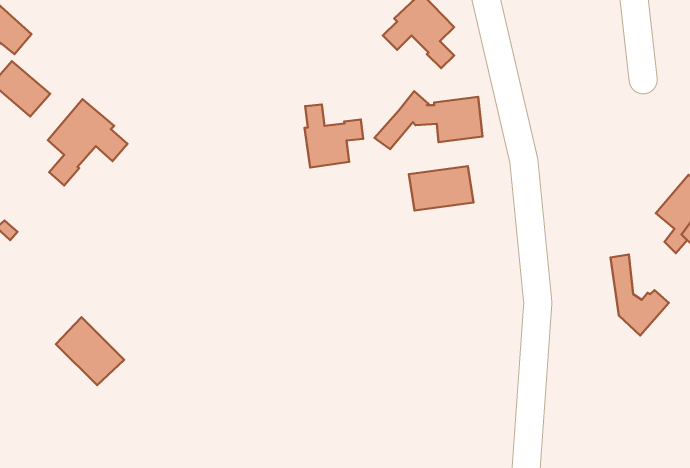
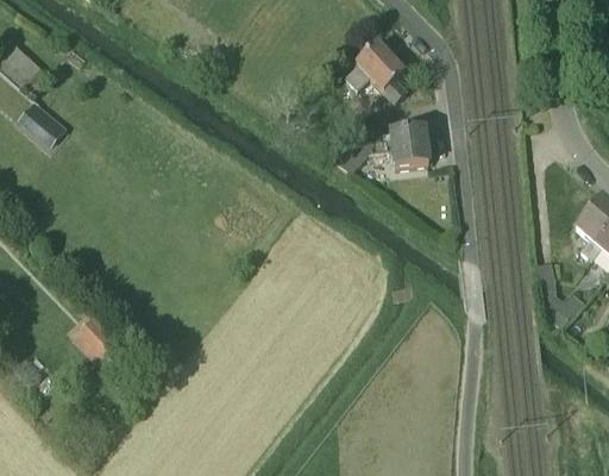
building: [48,99,128,185] -> none
building: [305,104,363,167] -> none
building: [409,166,473,211] -> none

